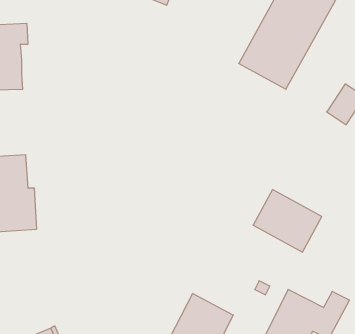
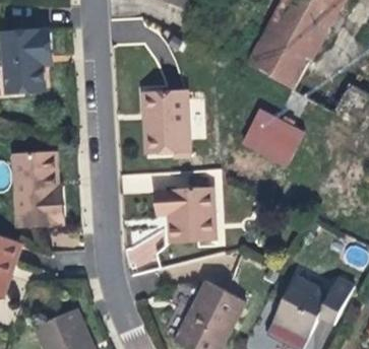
building: none -> [143,88,190,151]
building: [253,190,322,252] -> [233,99,298,158]
building: none -> [156,189,211,242]

